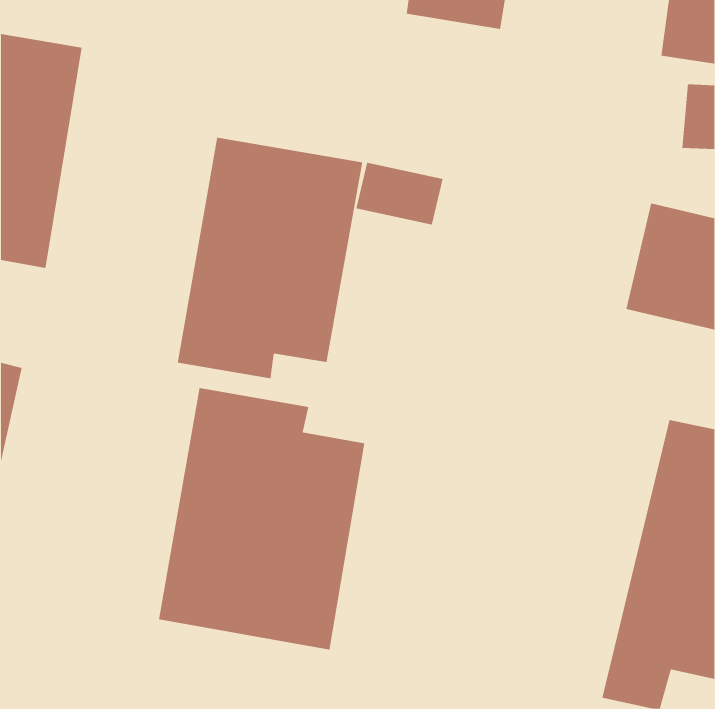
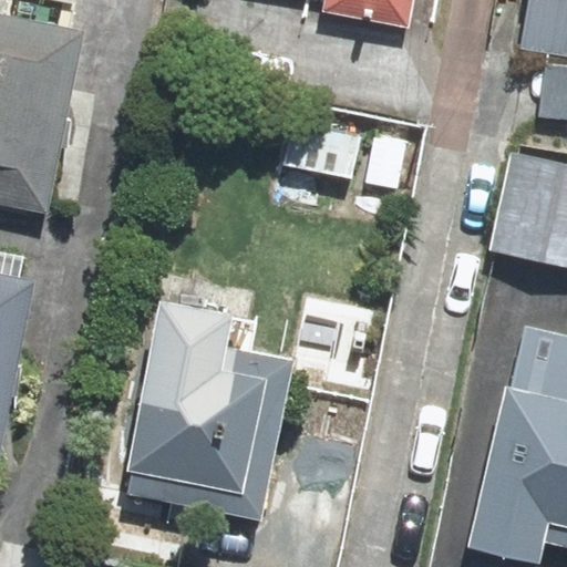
building: [177,137,363,379] -> none

